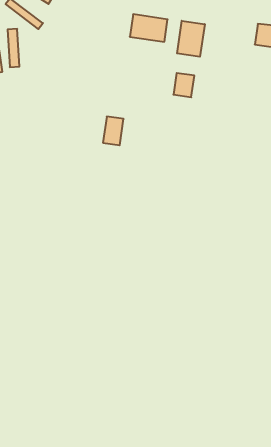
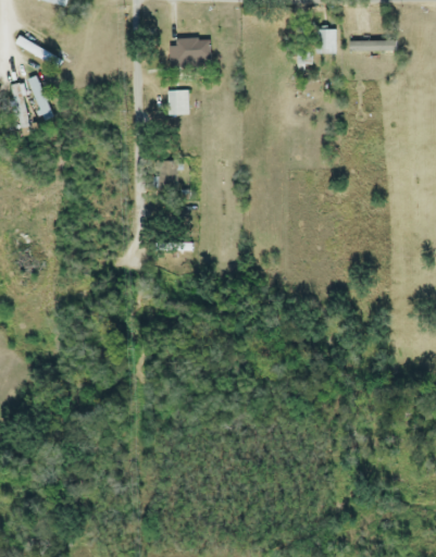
building: [177,21,205,57] -> none
building: [173,73,194,97] -> [167,89,188,114]

